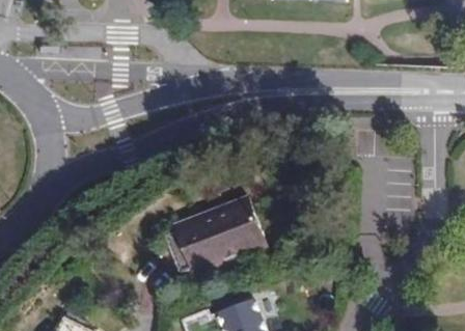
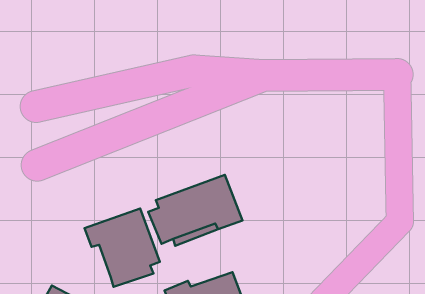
building: none -> [85,208,160,287]

